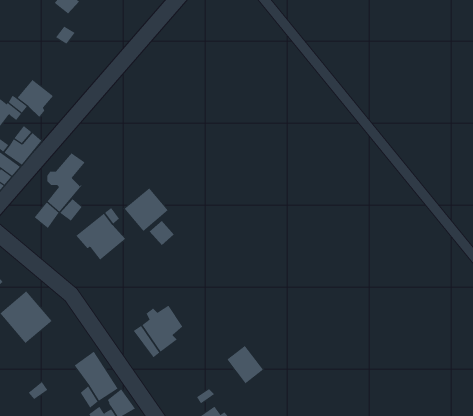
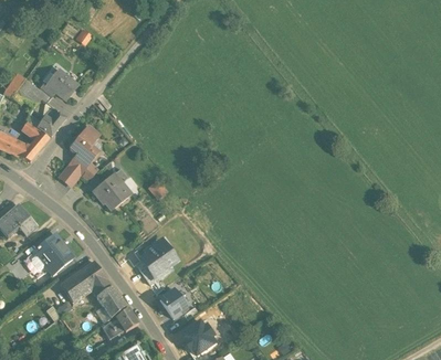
building: [124,188,169,232] -> none
building: none -> [60,261,106,301]
building: [226,345,264,384] -> [159,288,188,318]

